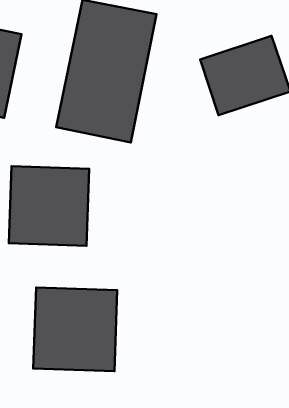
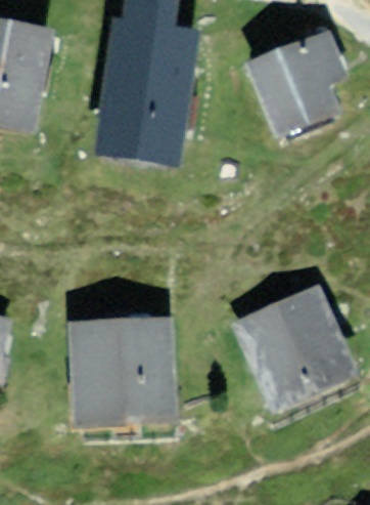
building: [9,166,89,246] -> none
building: none -> [228,289,335,396]

